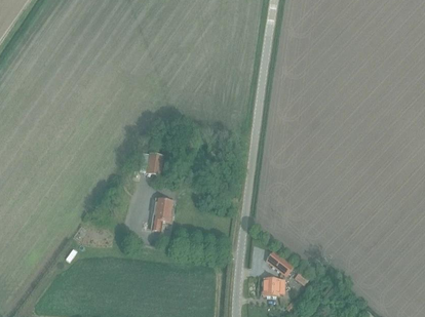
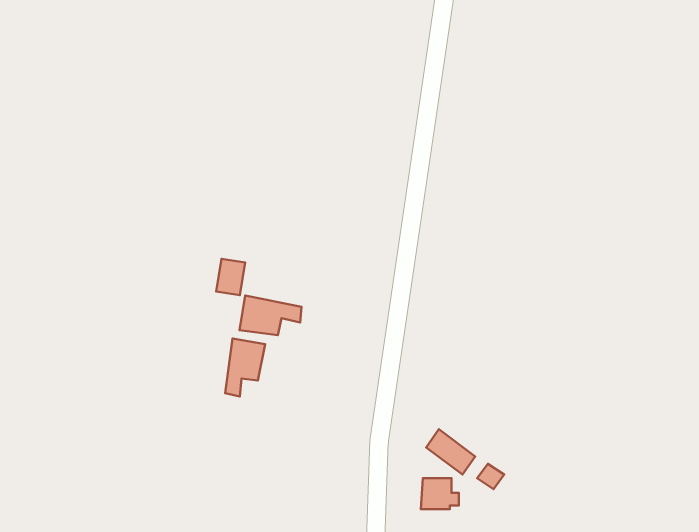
building: none -> [239,296,302,335]

